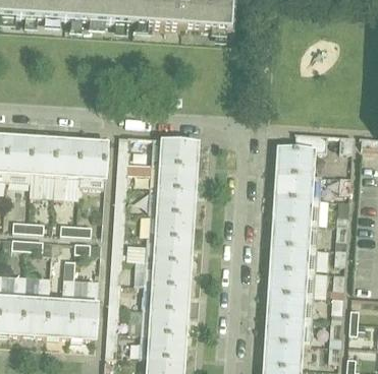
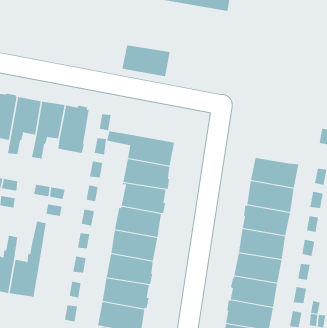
building: [276,131,327,173] -> none
building: [151,137,198,165] -> [122,45,171,77]
building: [72,278,100,337] -> none

